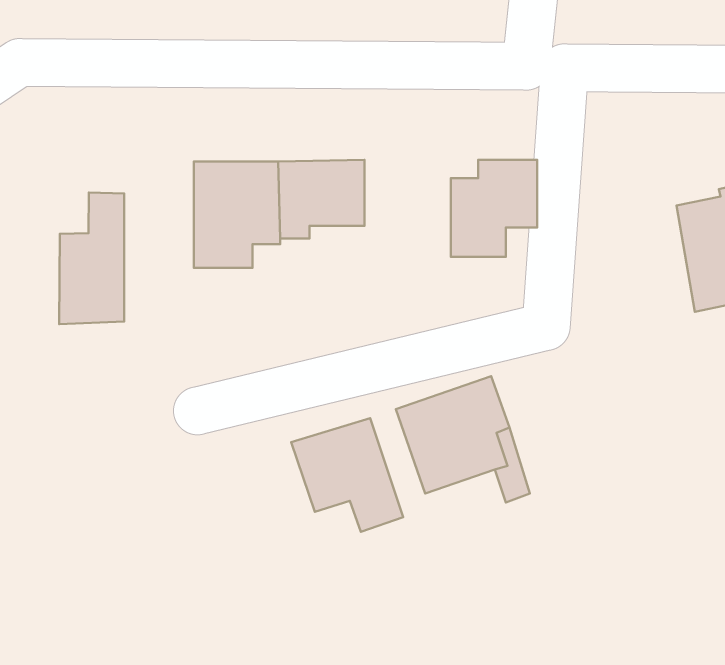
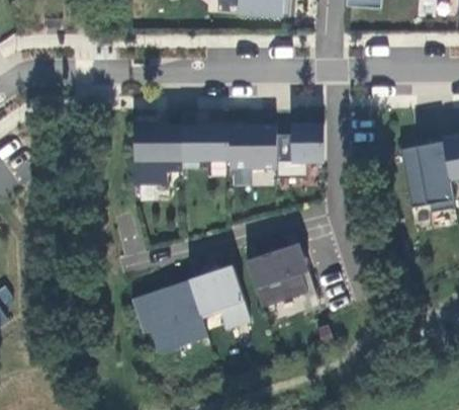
building: none -> [228,124,276,168]
building: [59,193,124,324] -> none
building: none -> [131,279,207,352]

